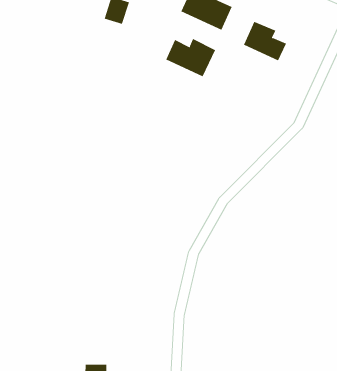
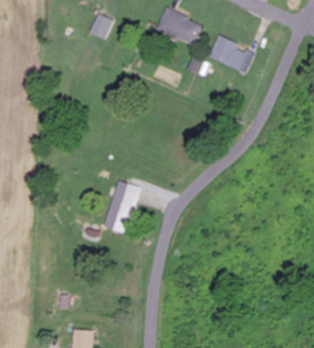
building: [165,38,216,77] -> none
building: none -> [105,181,139,233]

